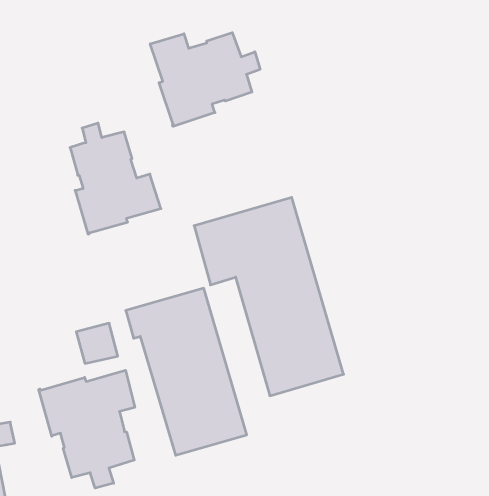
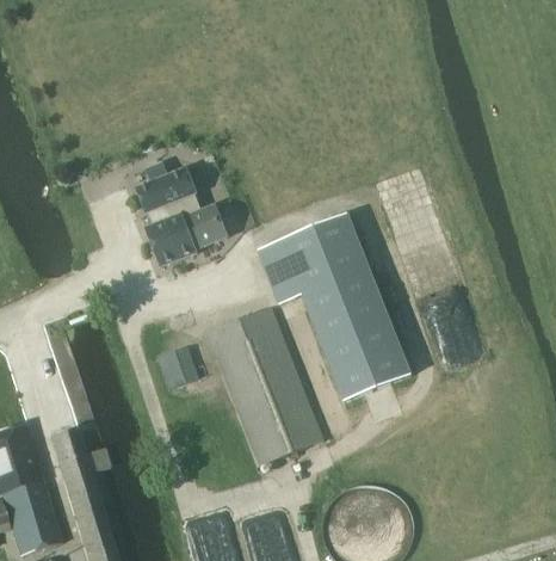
building: [150,33,260,126] -> none
building: [39,370,135,488] -> none

